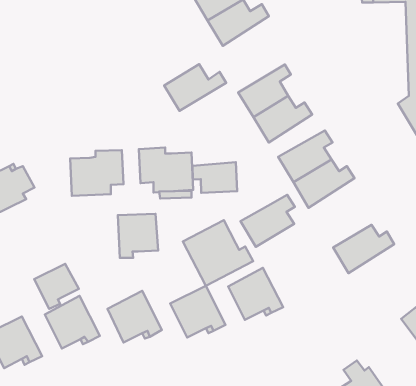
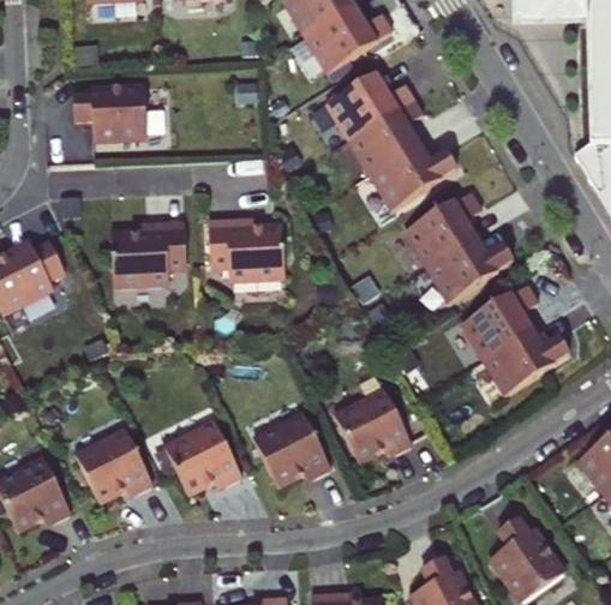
building: none -> [89,80,162,137]
building: [164,64,226,111] -> [327,73,414,139]
building: [192,162,237,193] -> none
building: [241,195,295,247] -> [461,286,538,359]
building: [118,214,158,258] -> none
building: [183,220,253,286] -> none
building: [34,264,79,309] -> none

